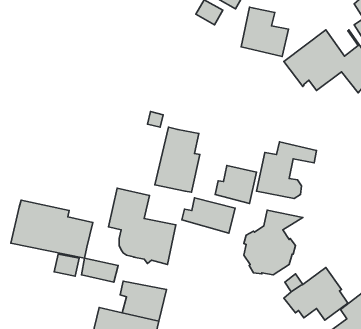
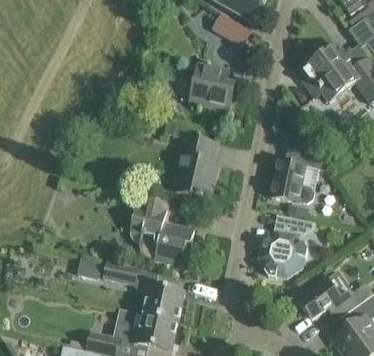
building: [241,7,288,56] -> [189,63,234,110]
building: [215,165,257,204] -> none
building: [182,198,235,233] -> none
building: [11,200,93,258] -> none

